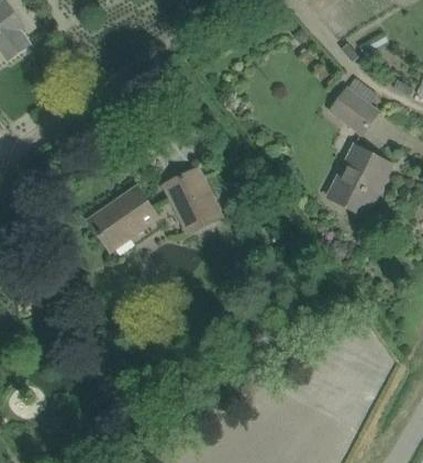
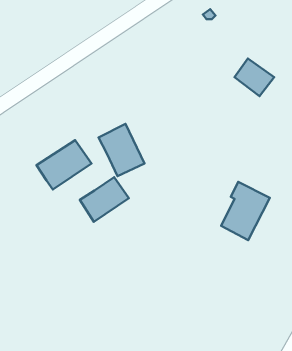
building: [332,144,391,216] -> [221,182,270,240]
building: none -> [80,177,129,222]

